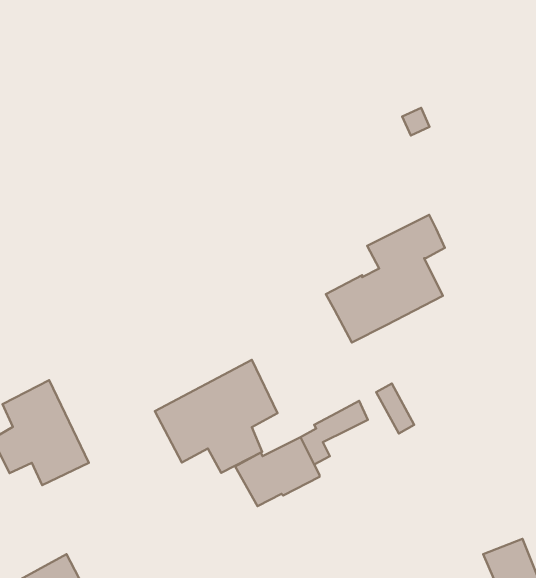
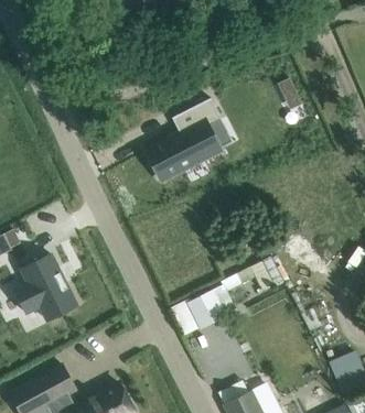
building: [326,215,445,343] -> [146,98,222,180]
building: [155,360,278,473] -> none

